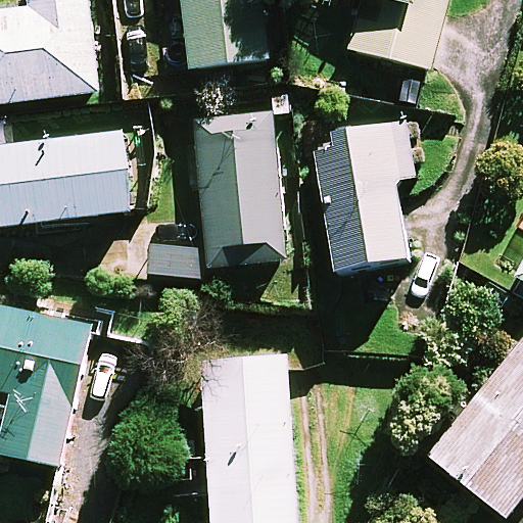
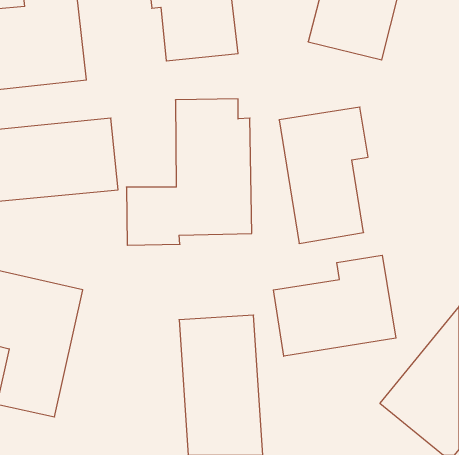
building: none -> [273,255,396,356]

